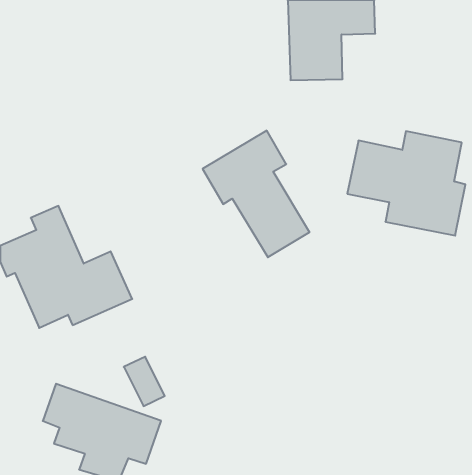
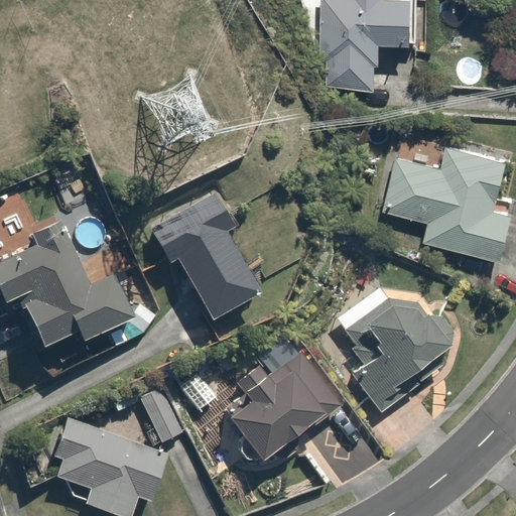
building: [203,131,310,257] -> [146,187,262,325]
building: none -> [343,298,455,411]
building: none -> [235,358,337,462]

